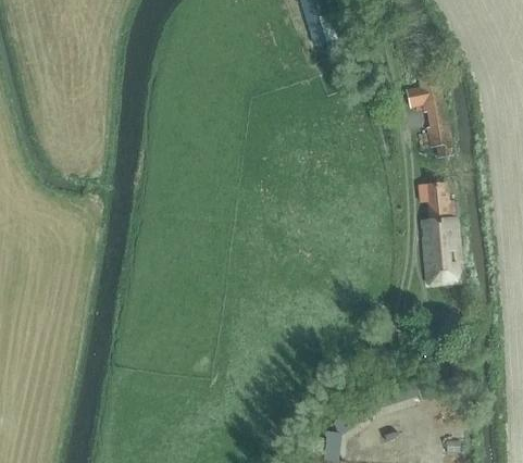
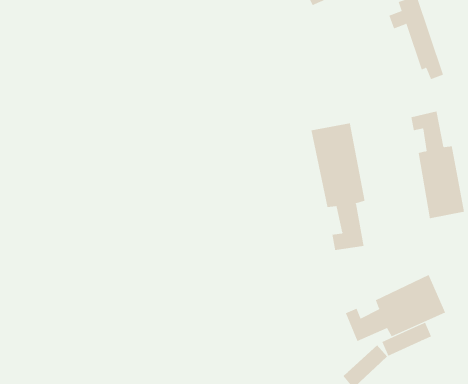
building: none -> [311,123,365,251]
building: none -> [345,274,446,342]

